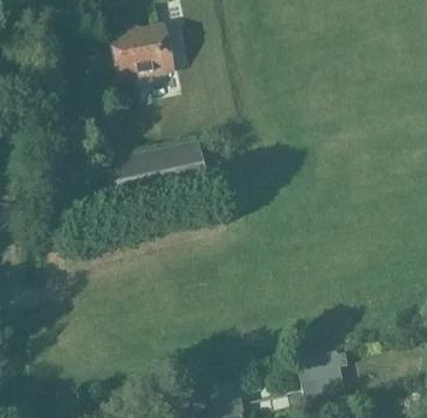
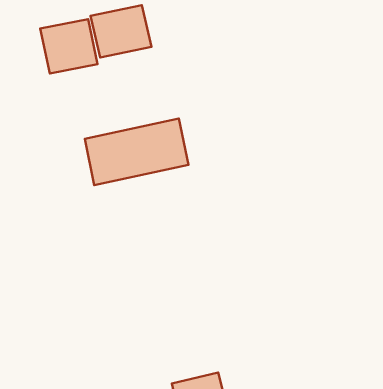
building: none -> [40,19,98,73]
building: [296,348,347,406] -> none

